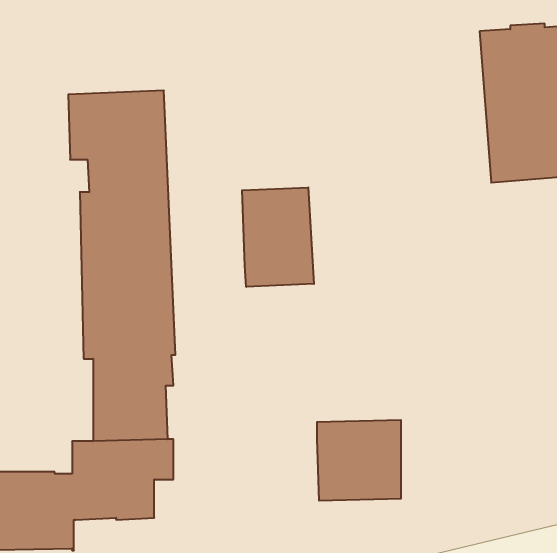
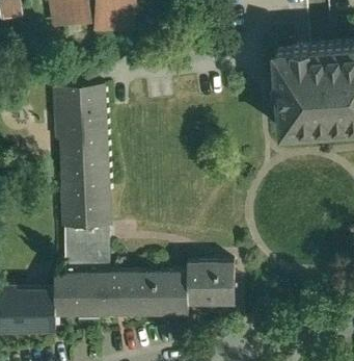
building: [242,187,314,287] -> none
building: none -> [100,273,189,315]

